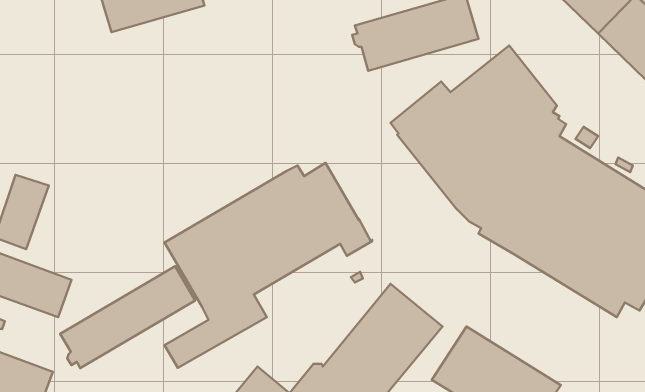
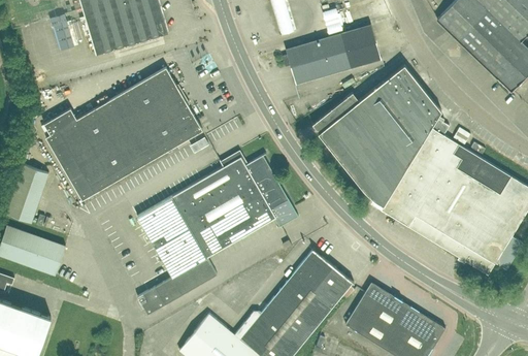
building: none -> [42,67,202,200]
building: [60,266,195,368] -> none

